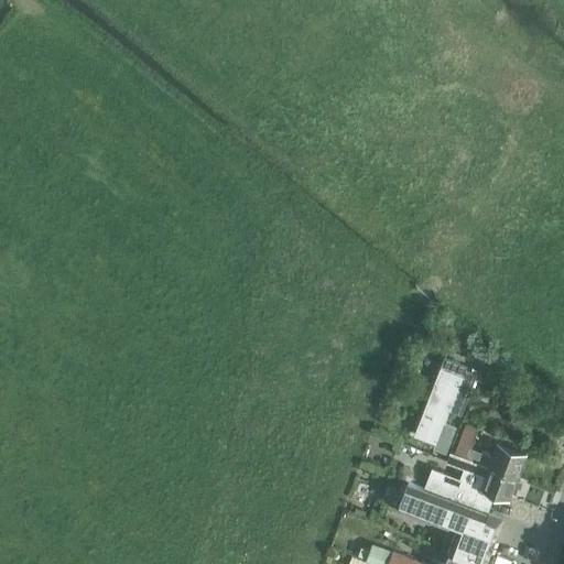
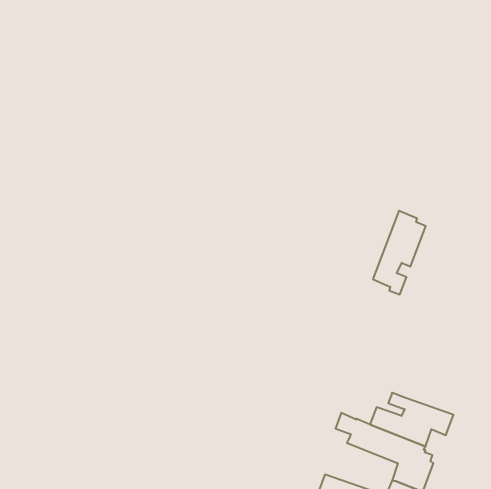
building: [415,358,476,454] -> [373,211,426,294]
building: [455,426,528,478] -> none

